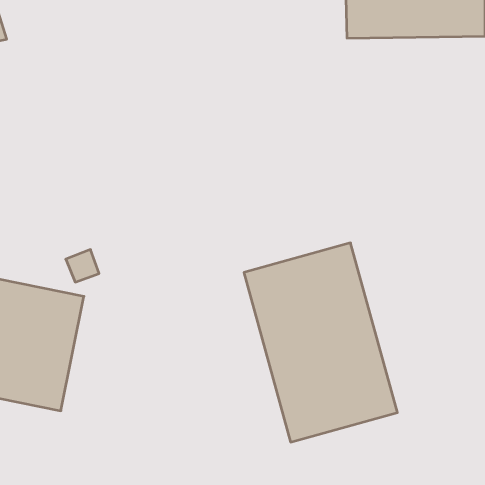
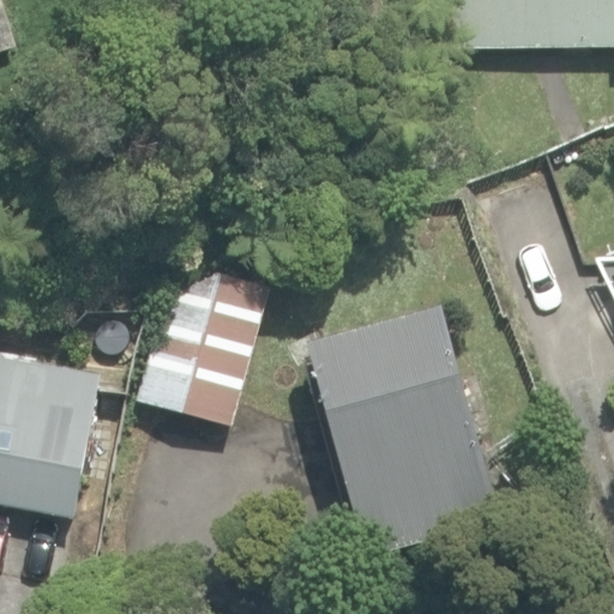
building: none -> [134,260,270,426]

